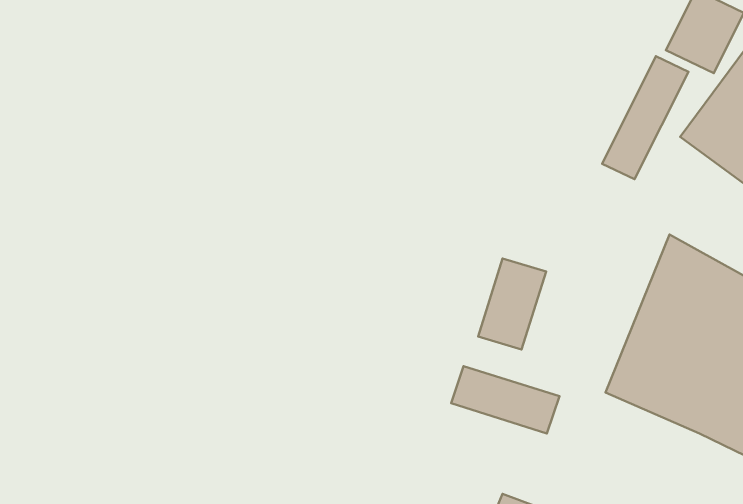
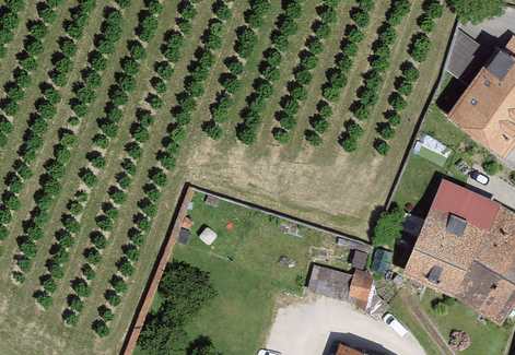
building: [602,56,688,179] -> none
building: [478,258,546,350] -> none

